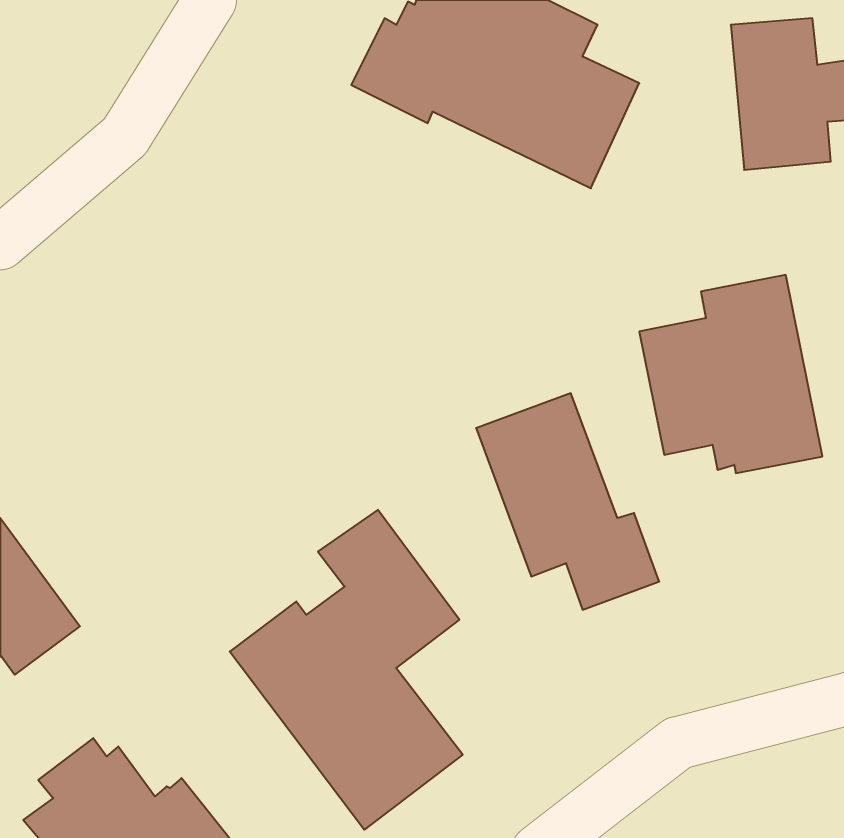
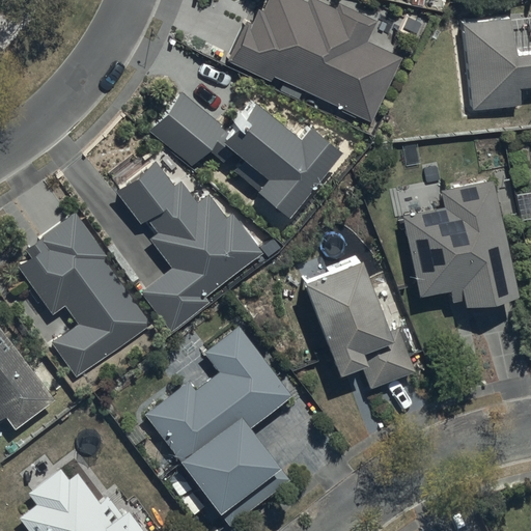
building: none -> [146,91,341,217]
building: none -> [115,160,264,331]
building: none -> [19,214,152,379]

